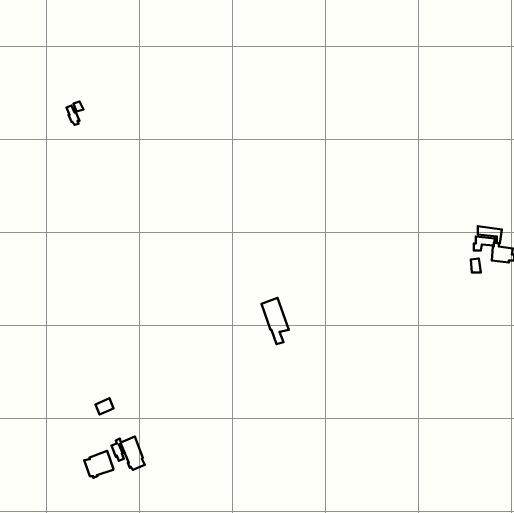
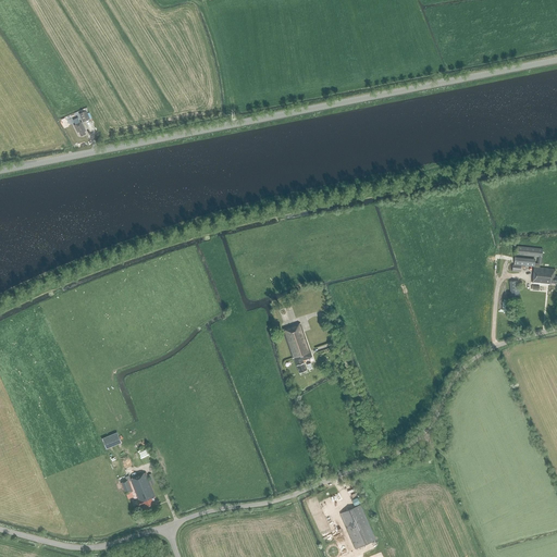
building: [84,451,114,478] -> none
building: none -> [341,504,375,548]

